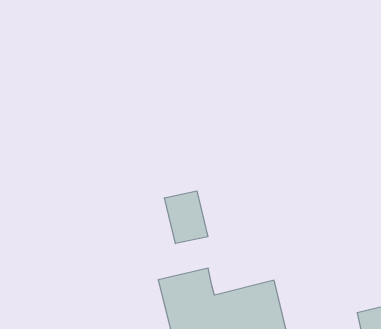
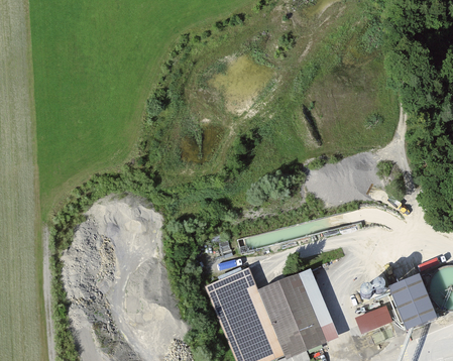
building: [164,191,208,244] -> none

